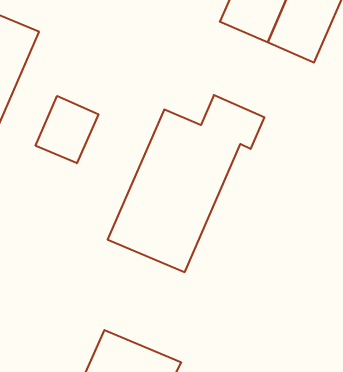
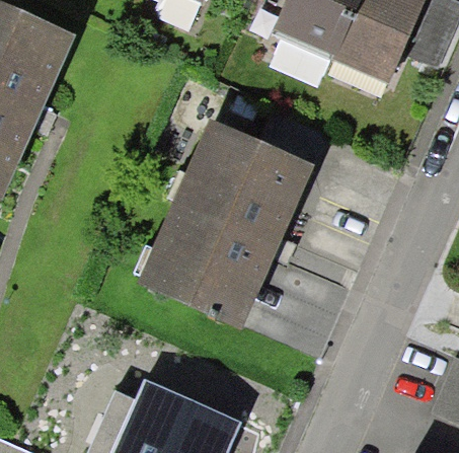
building: [36,96,98,163] -> none

